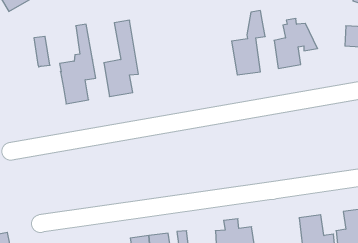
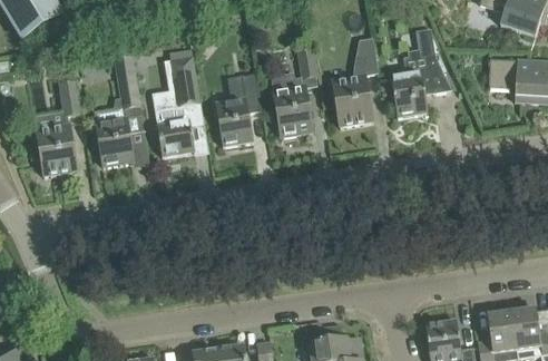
building: none -> [270,49,316,136]
building: none -> [215,72,263,146]
building: none -> [36,121,77,176]

